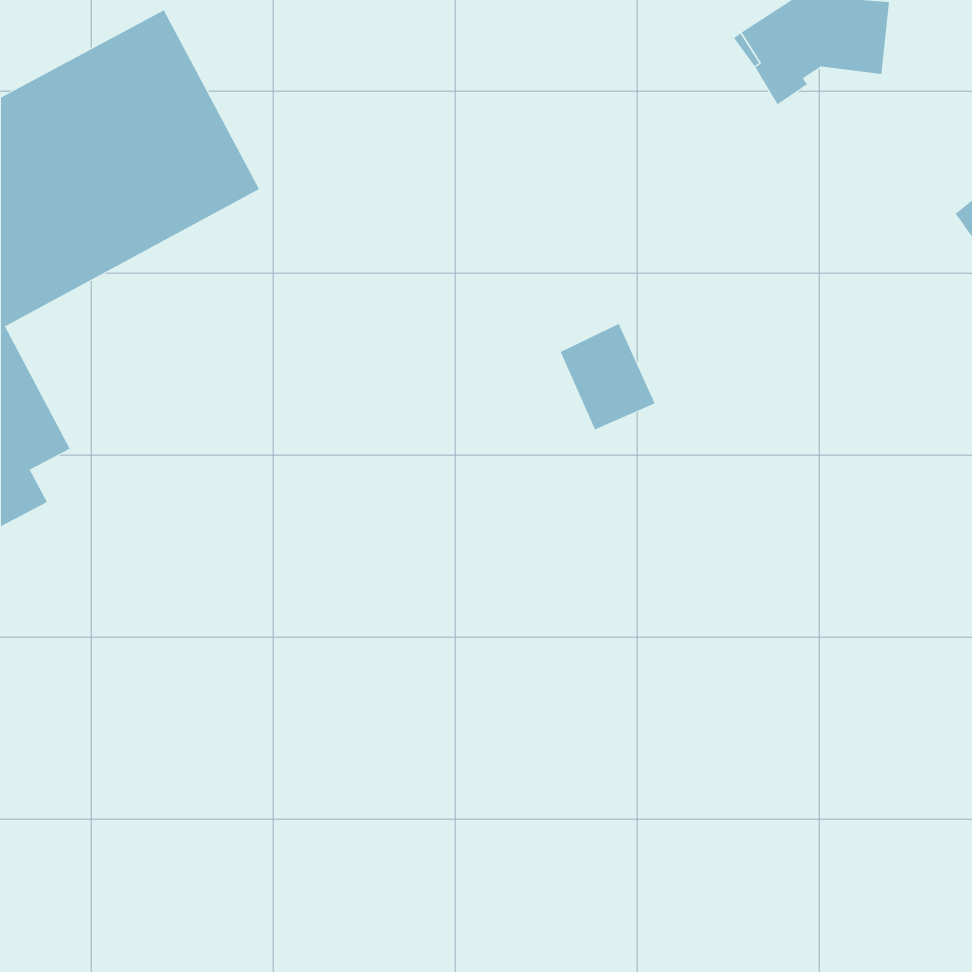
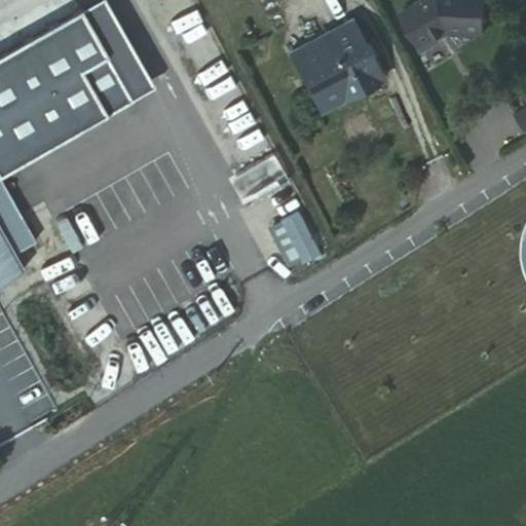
building: none -> [284,22,378,114]
building: [560,323,655,430] -> [268,206,320,264]

